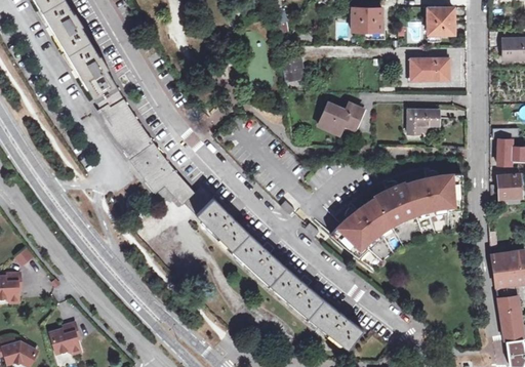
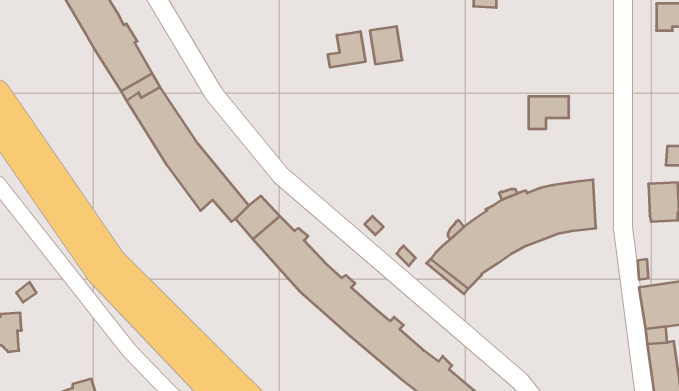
building: none -> [328,31,365,67]
building: [411,59,452,84] -> none
building: [318,101,363,134] -> none
building: [497,138,513,167] -> none

